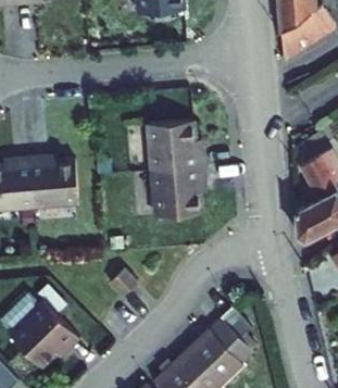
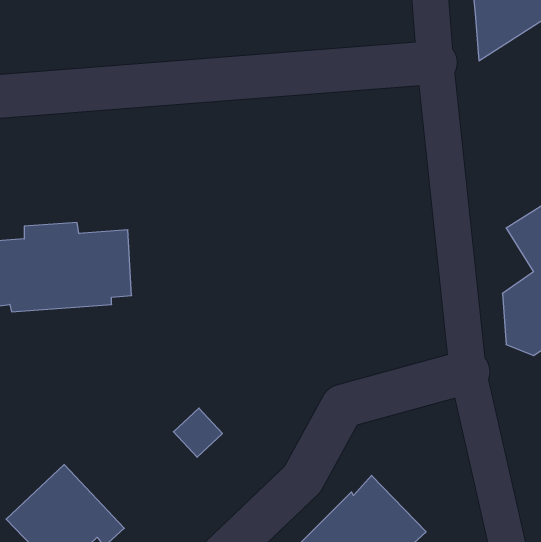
building: [146,124,203,221] -> none

